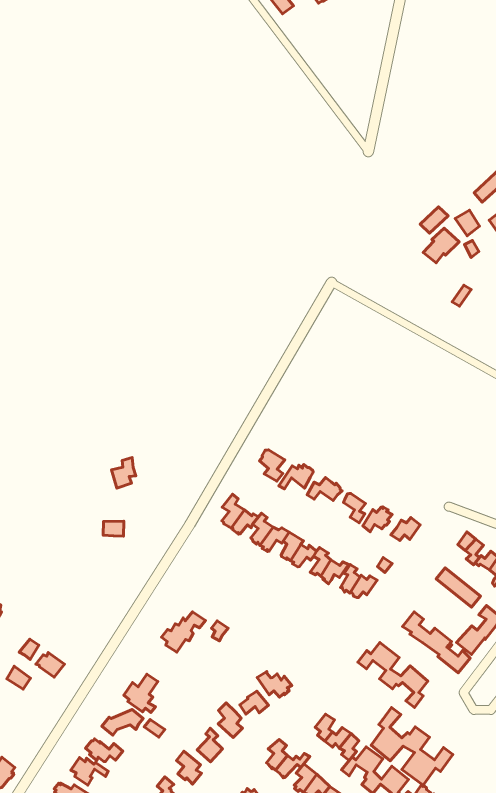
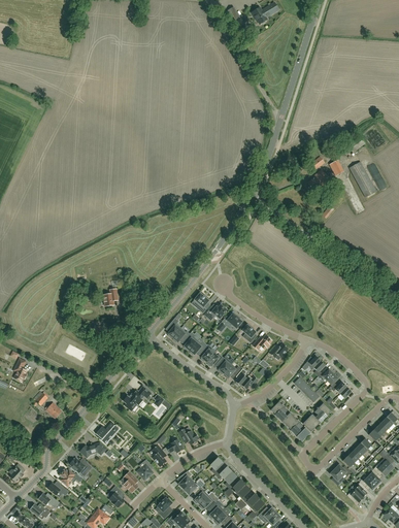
building: [358,642,428,707] -> none
building: [371,708,453,785] -> none

